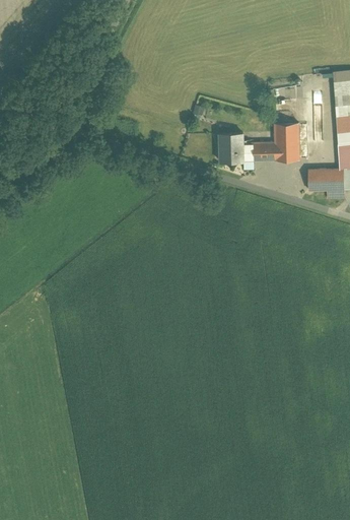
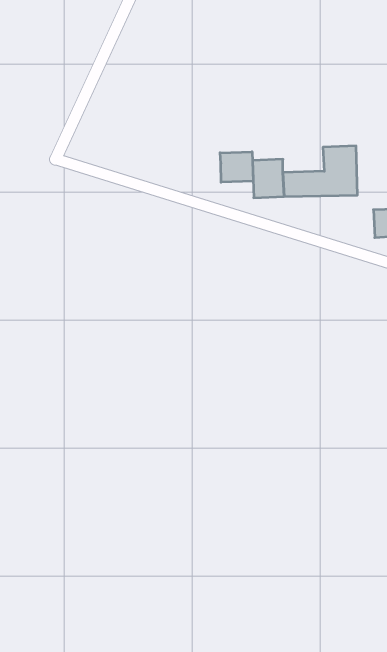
building: none -> [220,152,253,182]

